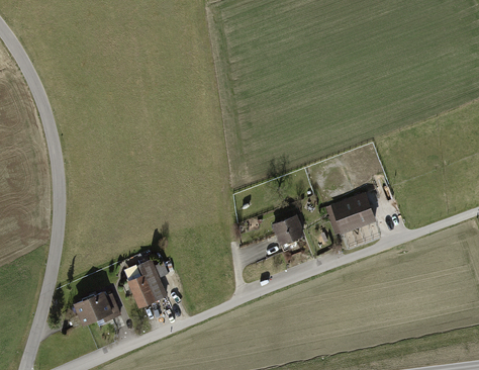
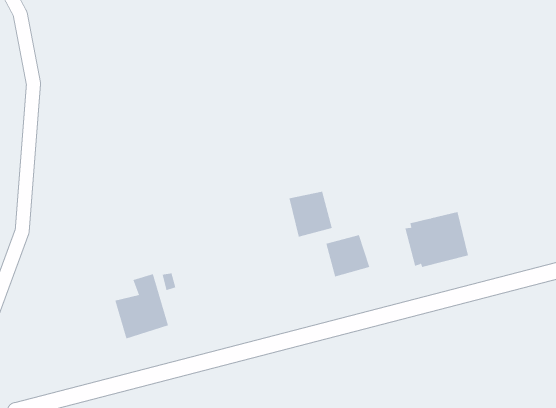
building: none -> [289,191,333,238]
building: [73,291,120,326] -> none

